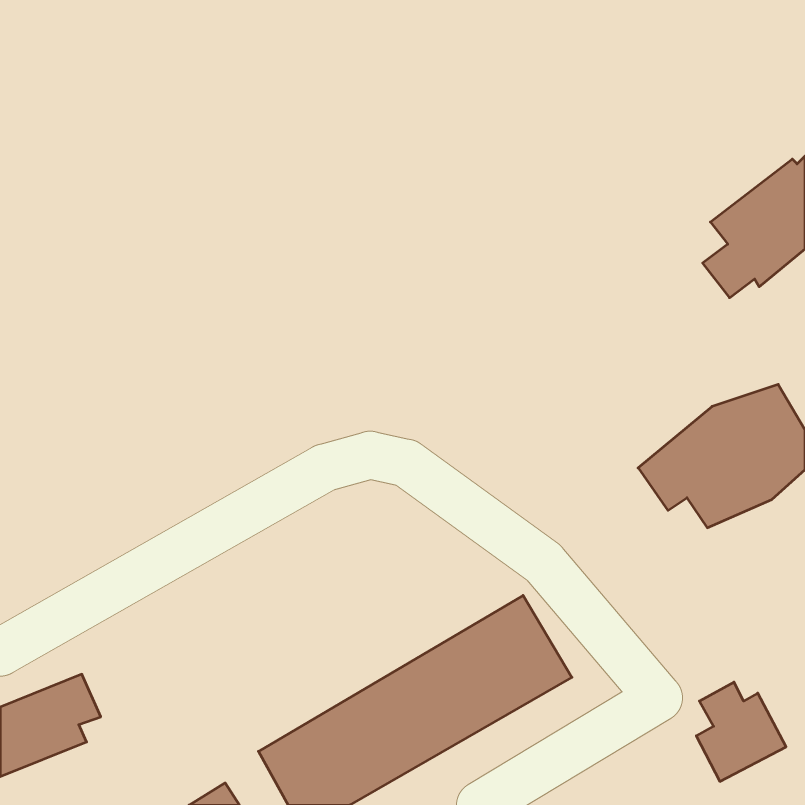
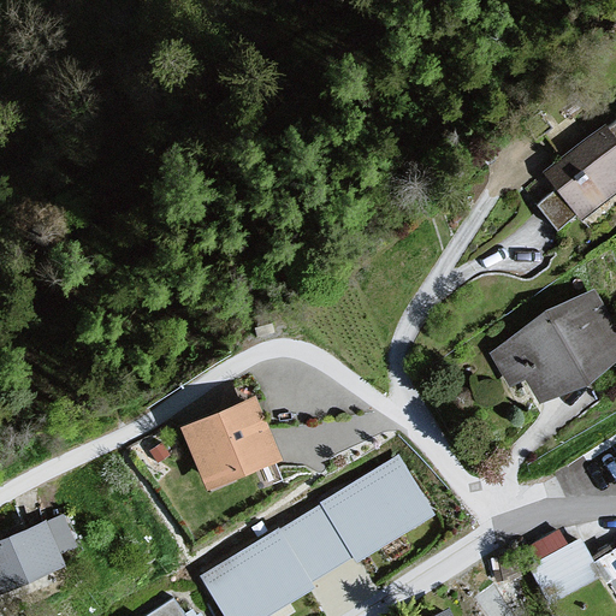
building: none -> [180,396,282,491]

